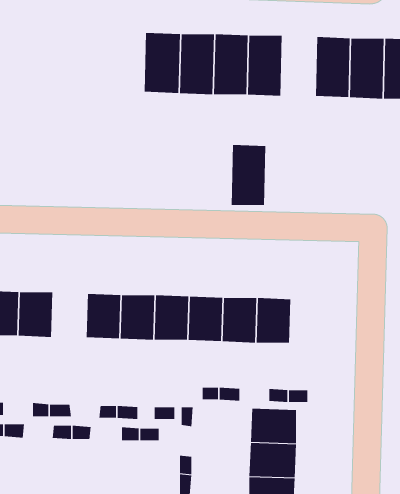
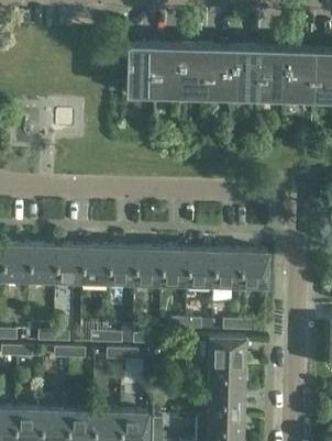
building: [231,145,266,205] -> [233,48,261,96]
building: none -> [55,247,82,283]
building: none -> [240,253,268,288]

